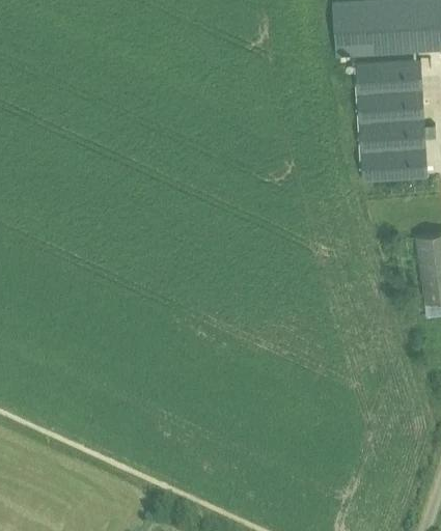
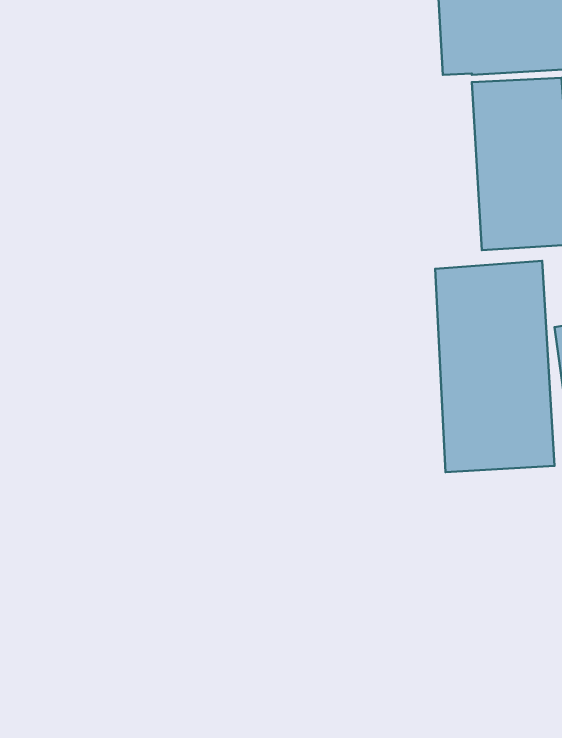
building: none -> [435,261,555,472]

